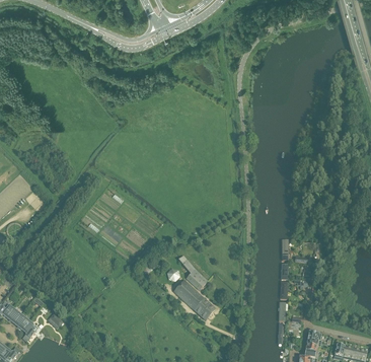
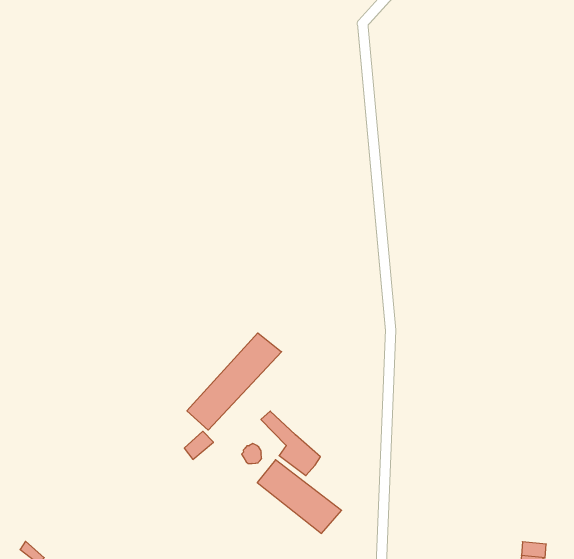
building: none -> [187,333,282,430]

